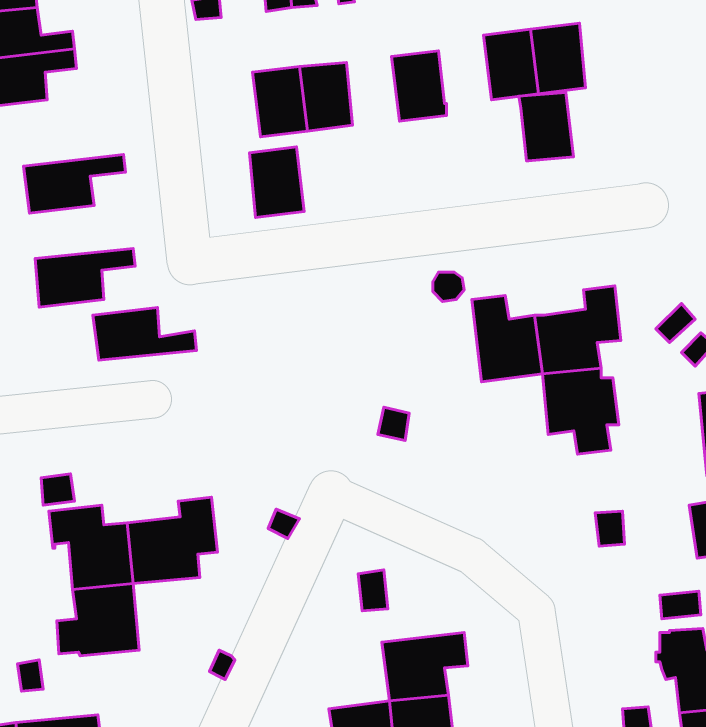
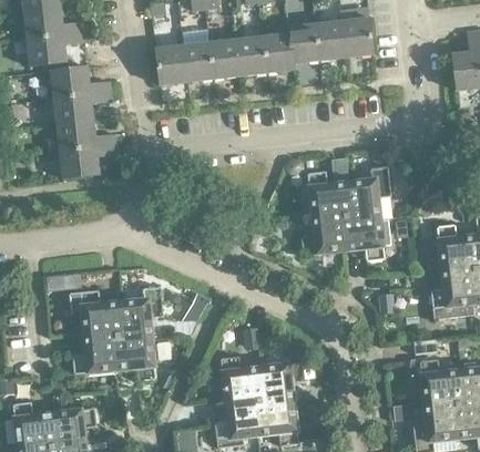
building: none -> [236,35,266,74]
building: [519,92,574,161] -> [287,23,318,62]
building: none -> [50,68,110,97]
building: [249,147,304,217] -> [156,44,187,84]
building: [93,307,197,360] -> [57,120,115,150]
building: none -> [302,215,350,255]
building: none -> [115,330,156,380]
building: none -> [221,356,261,404]

